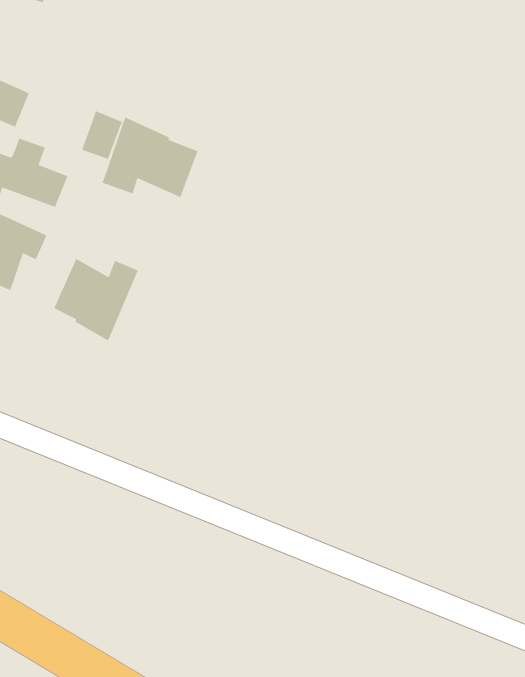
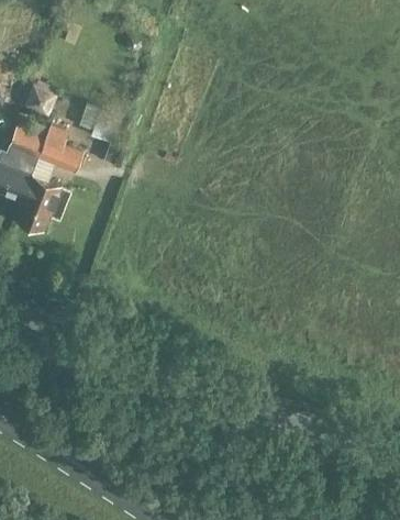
building: [102,117,198,198] -> none
building: [53,258,139,342] -> none

